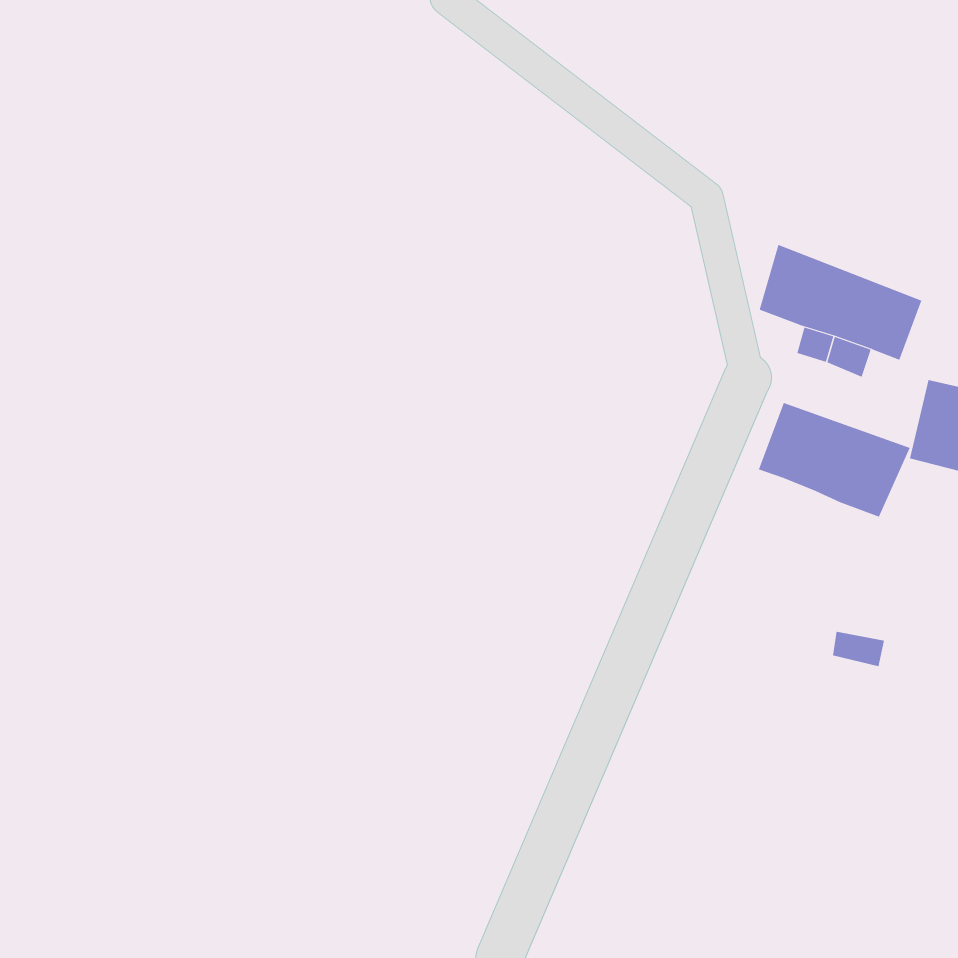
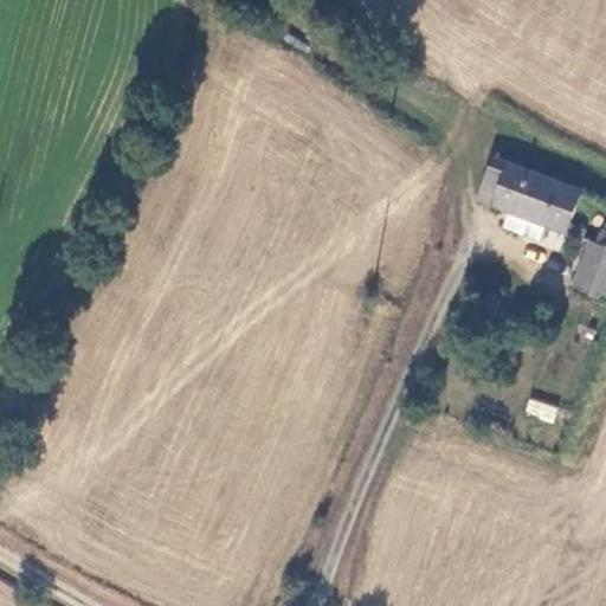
building: [758,402,911,518] -> none

